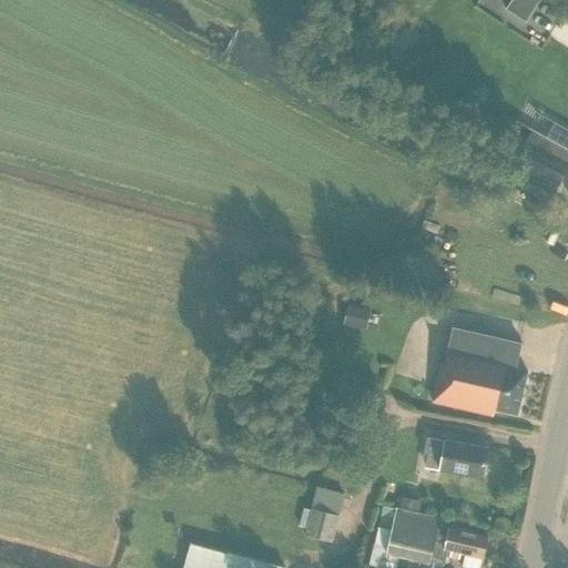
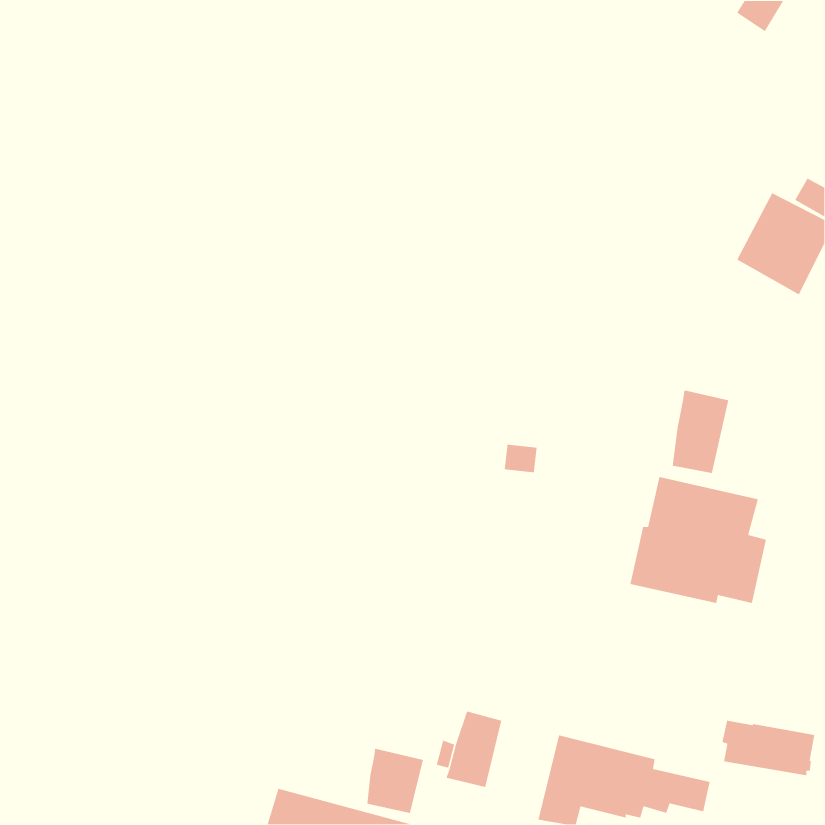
building: none -> [672,389,729,474]
building: [424,437,488,476] -> [722,720,815,776]
building: none -> [367,748,424,814]

